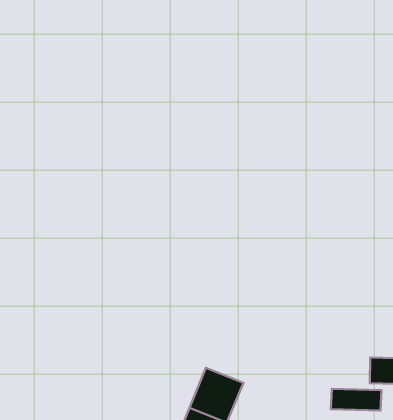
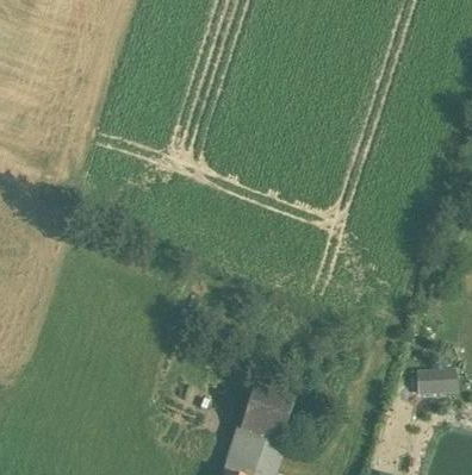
building: [331,389,382,411] -> none

